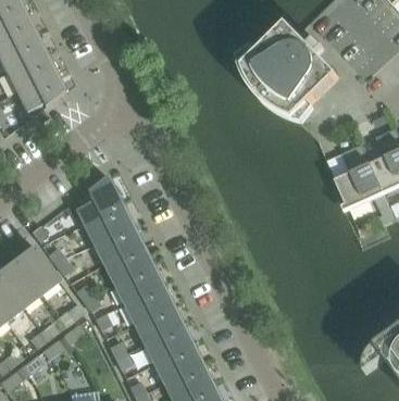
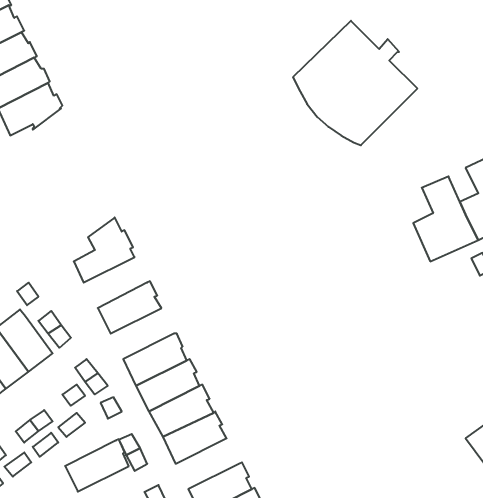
building: [83,205,132,246] -> none
building: [103,245,152,285] -> none
building: [153,344,202,385] -> [65,439,129,492]

